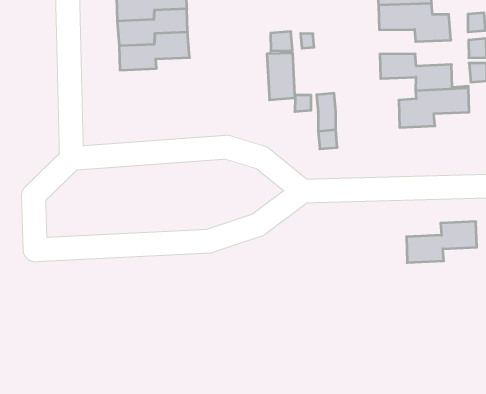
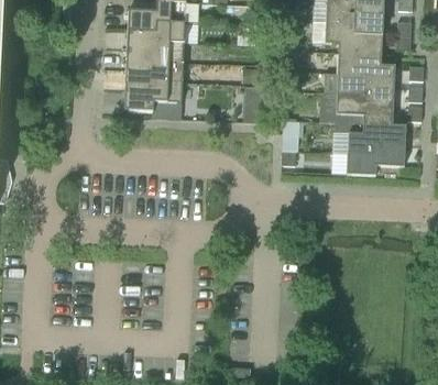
building: none -> [336,72,394,105]
building: none -> [123,80,182,118]
building: [406,222,477,263] -> [346,143,404,174]

